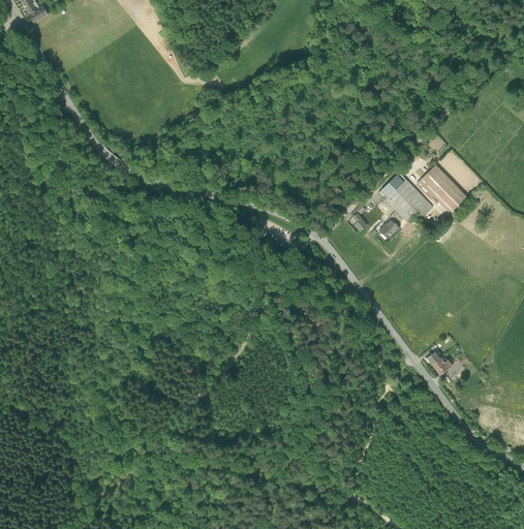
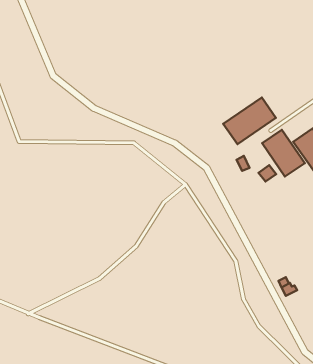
building: none -> [223,98,276,144]

